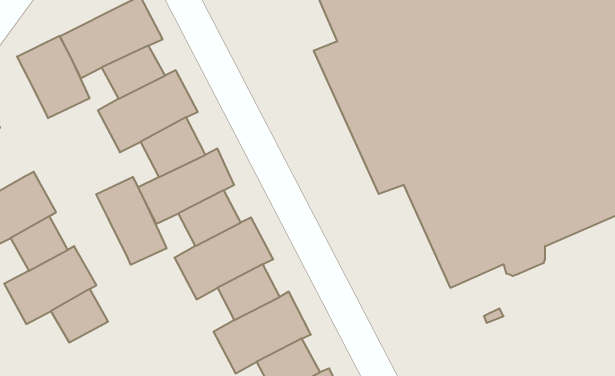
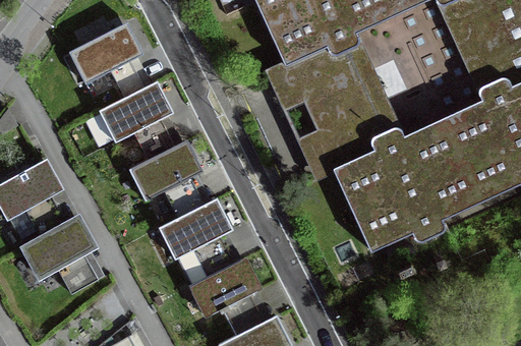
building: [17,36,89,118] -> none
building: [96,177,167,265] -> none

